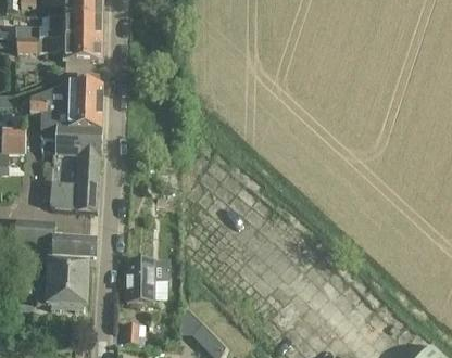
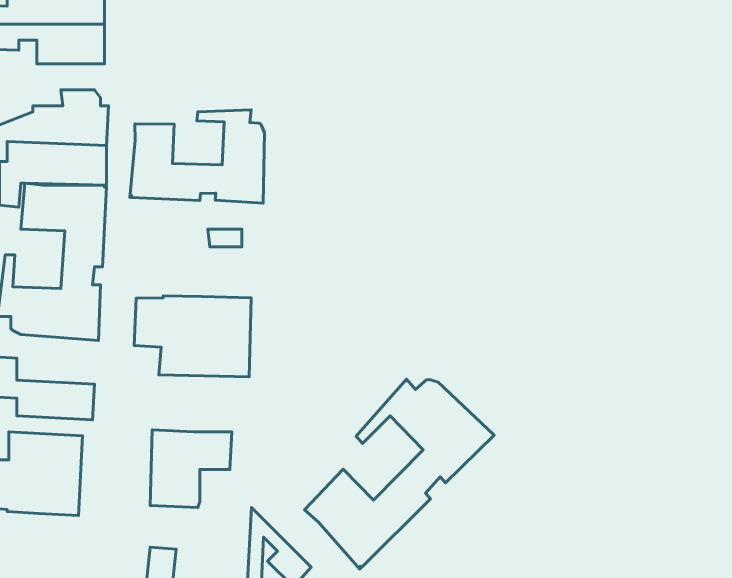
building: none -> [130,110,264,203]
building: none -> [134,296,251,377]
building: none -> [305,379,494,569]

